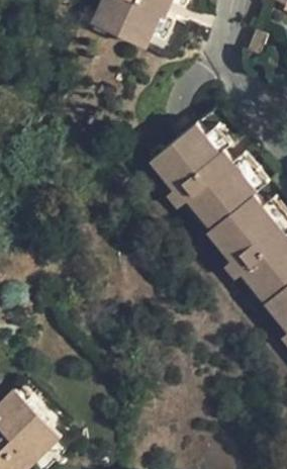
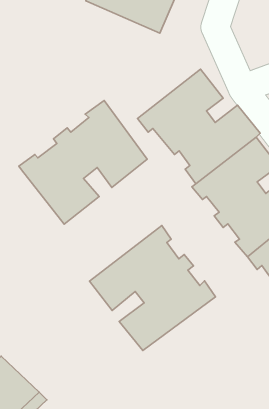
building: none -> [19,101,147,224]
building: none -> [89,225,215,351]

